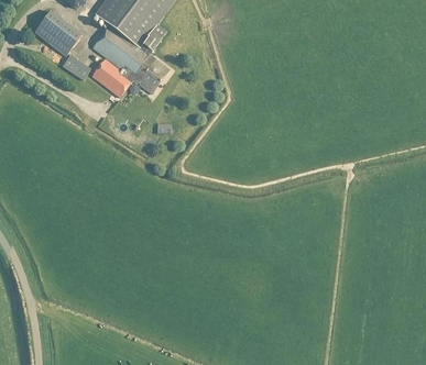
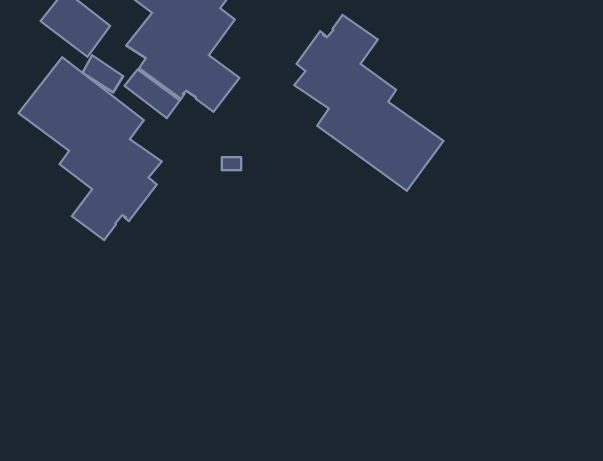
building: none -> [294,15,443,191]
building: none -> [19,57,162,240]

